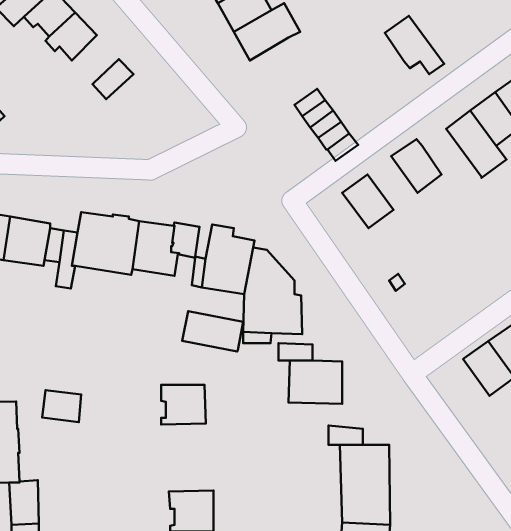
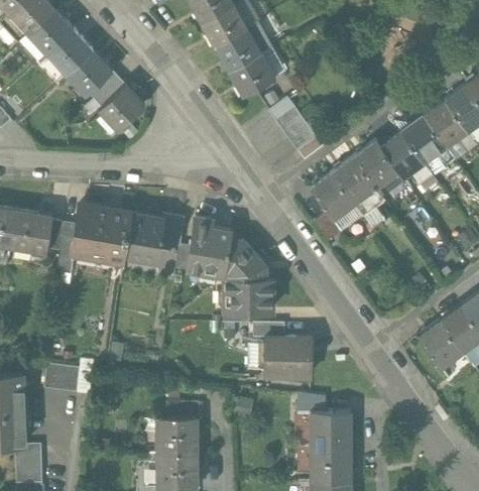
building: [385,16,444,74] -> [380,133,433,185]
building: none -> [67,50,112,93]
building: none -> [228,52,276,97]
building: none -> [97,85,144,132]
building: none -> [332,157,384,217]
building: [182,311,243,351] -> none
building: [161,385,206,425] -> [156,418,196,454]

